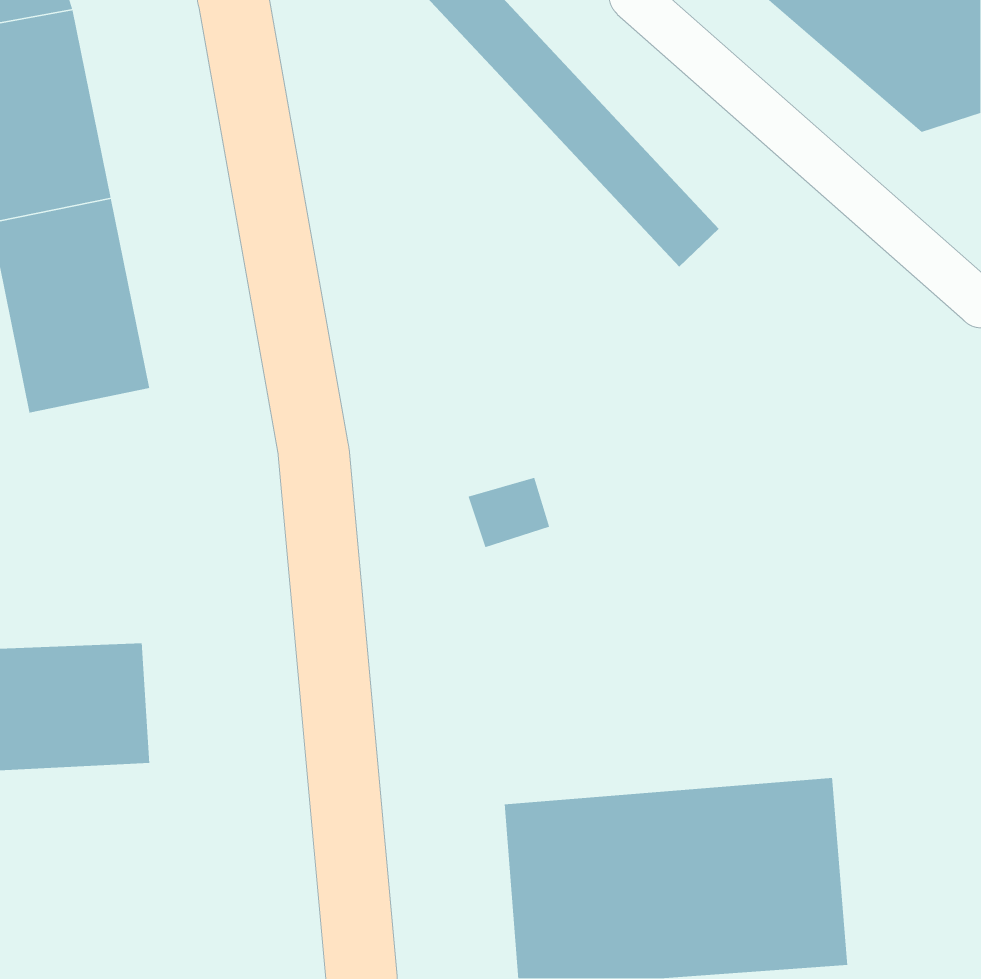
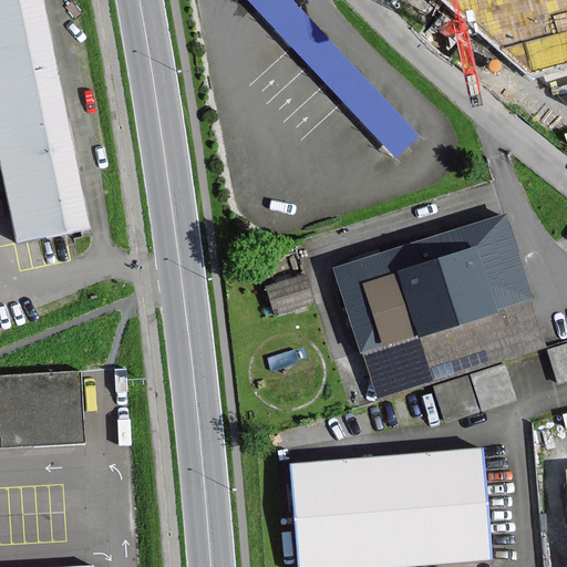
building: none -> [334,216,547,401]

